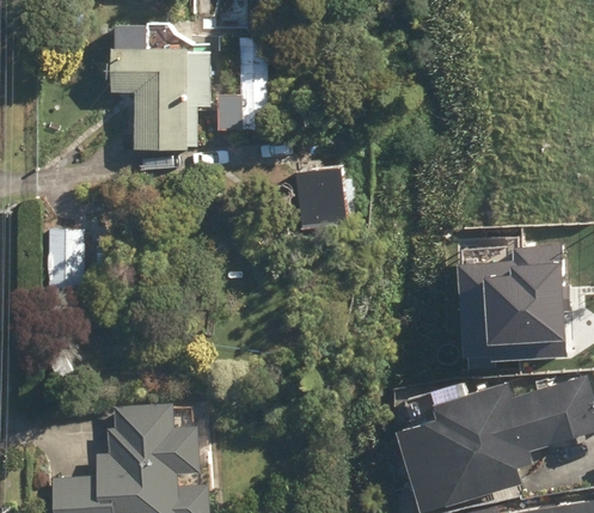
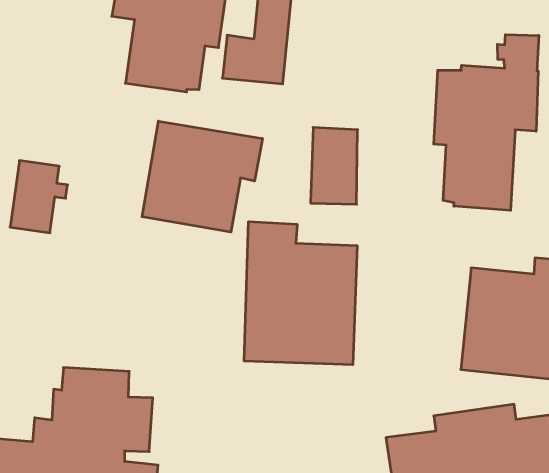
building: none -> [434,35,539,210]
building: none -> [142,121,262,232]
building: none -> [244,222,357,365]

